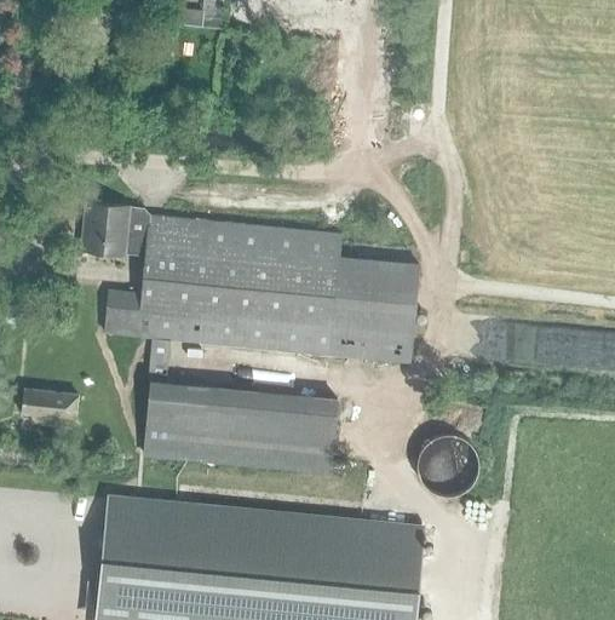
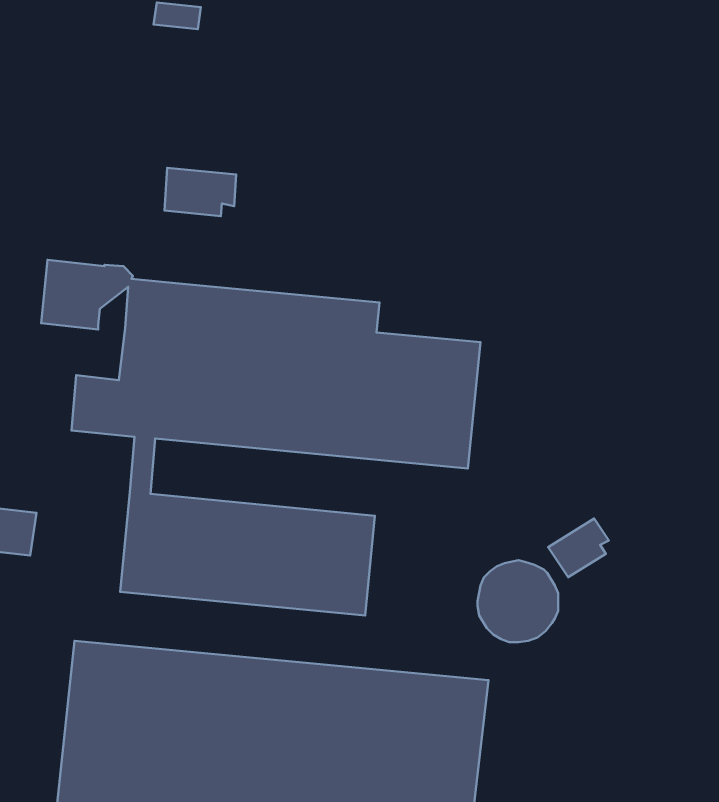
building: none -> [164,168,236,216]
building: none -> [548,519,609,577]

